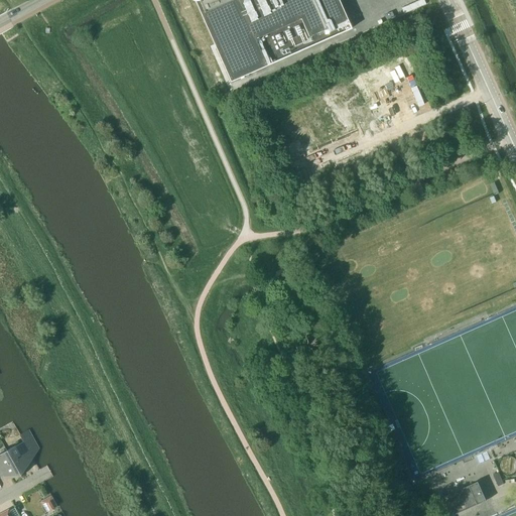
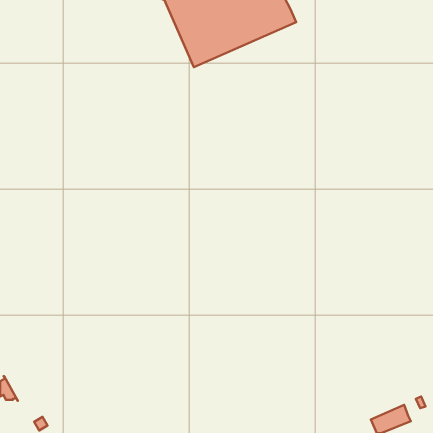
building: [7,439,34,475] -> none

